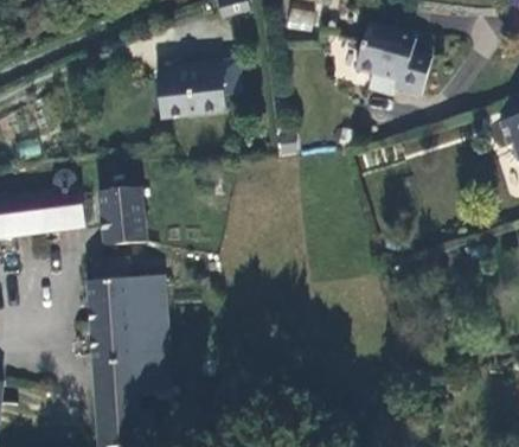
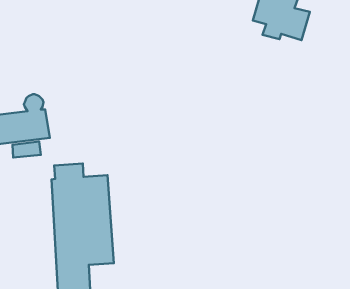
building: [158,59,243,117] -> none
building: [100,187,147,245] -> none

